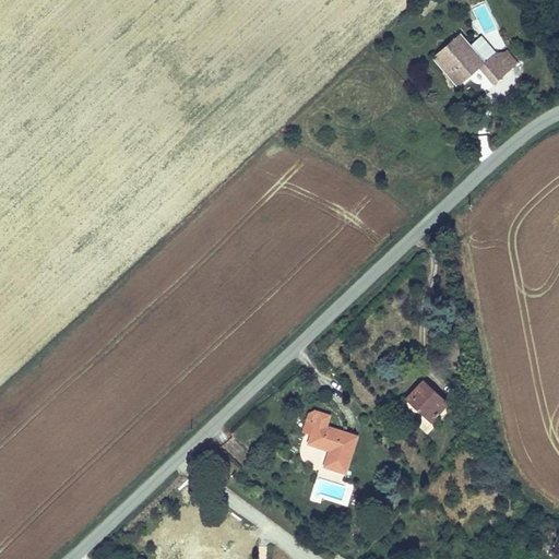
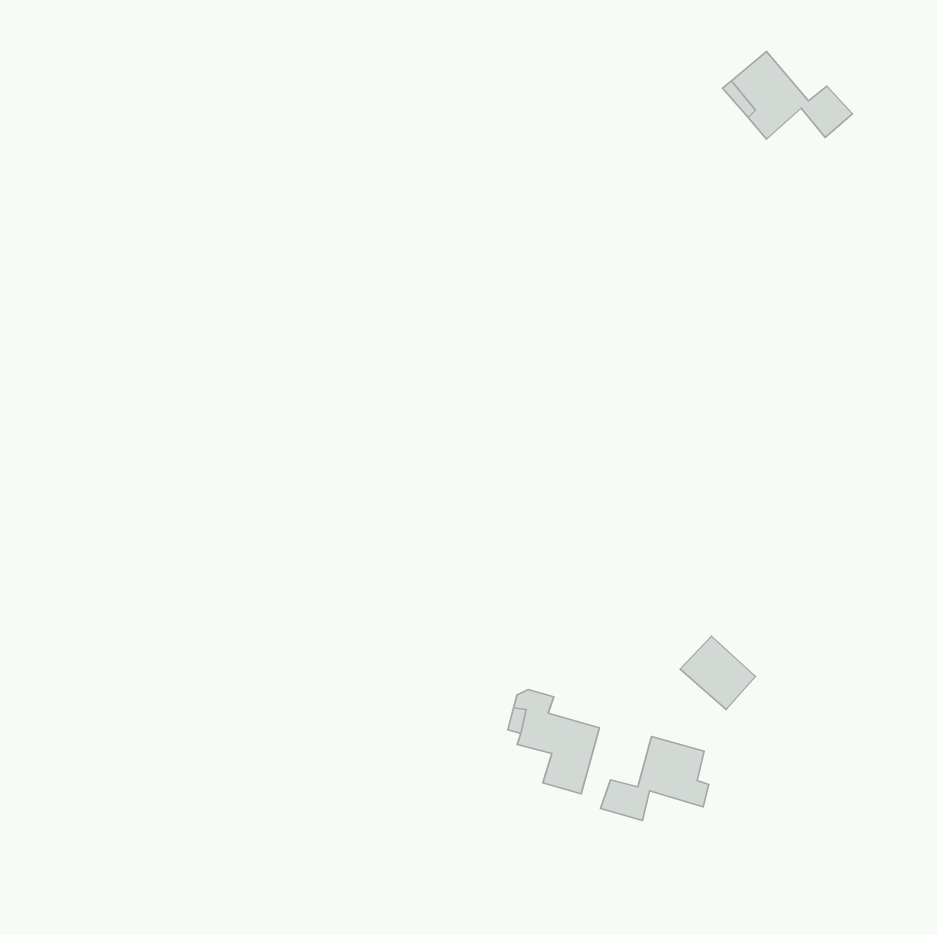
building: none -> [601,737,709,820]

